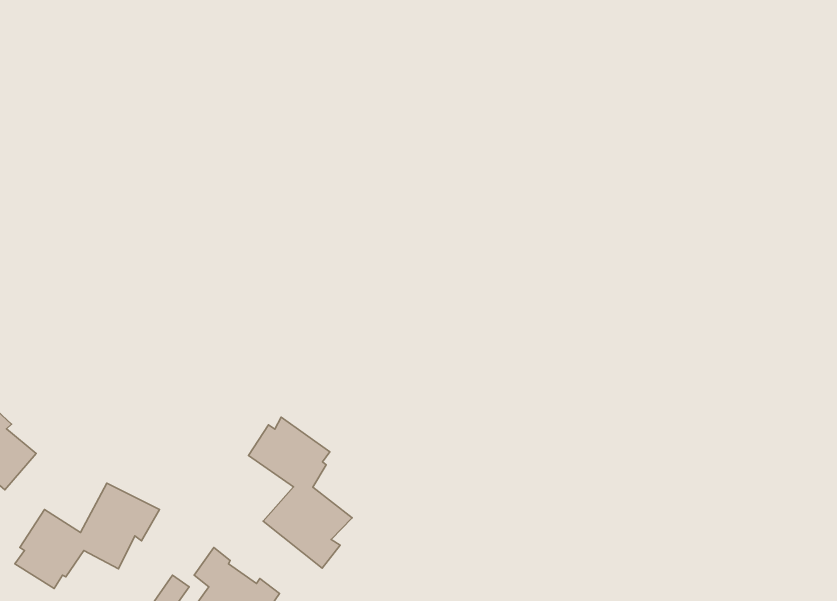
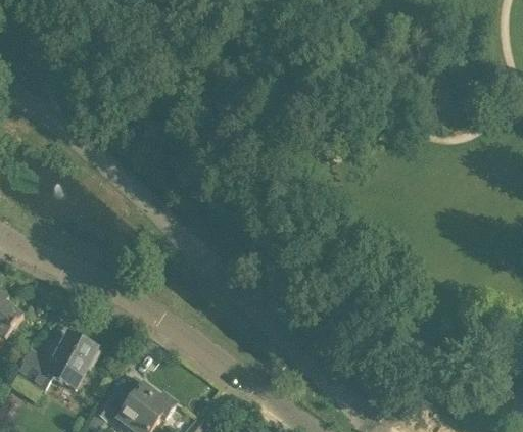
building: [248,417,352,568] -> none

